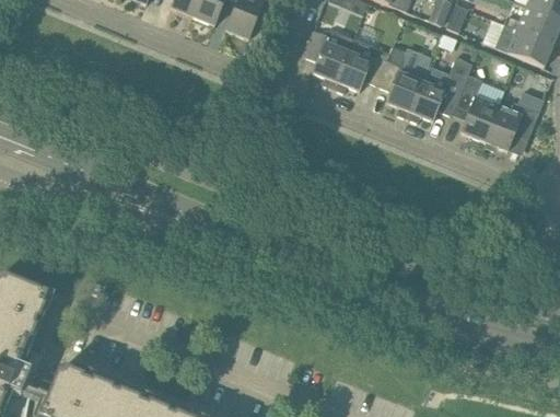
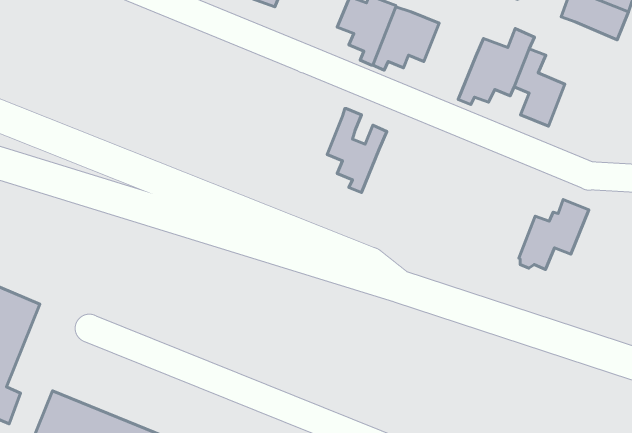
building: [377,45,429,117] -> [327,109,387,193]
building: [485,90,545,150] -> [519,200,589,269]

